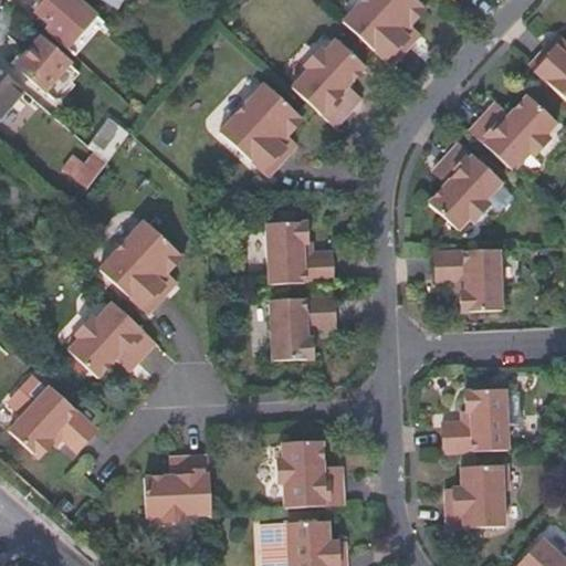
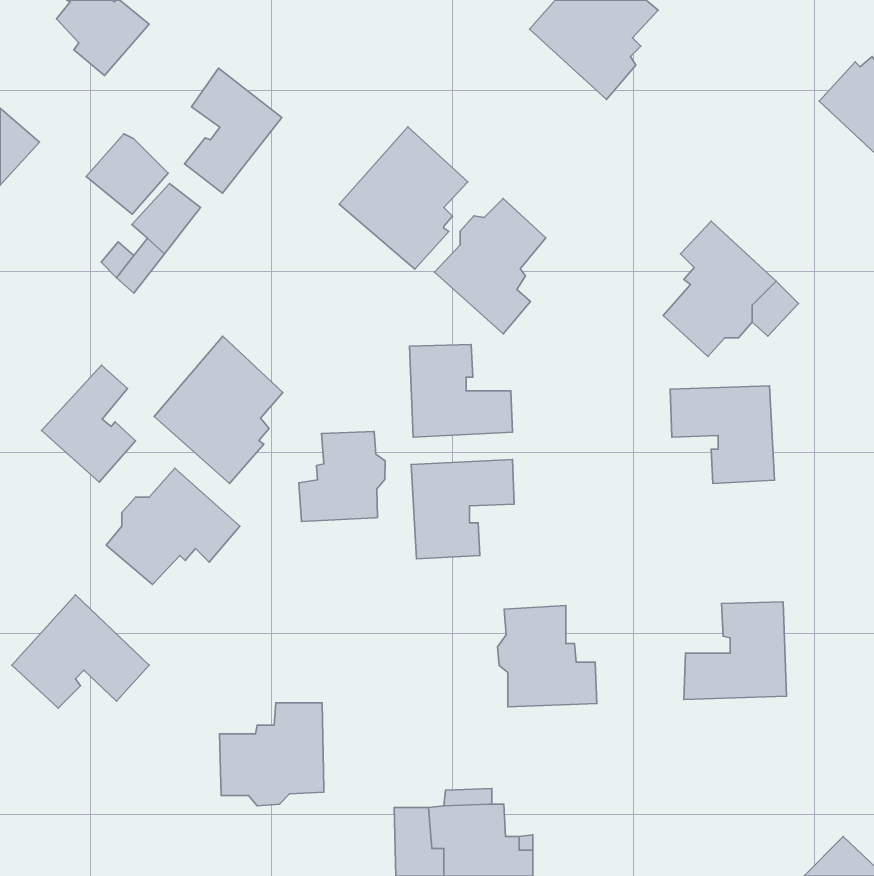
building: [291,38,363,125] -> [435,199,546,334]
building: [17,41,70,93] -> [86,134,168,214]
building: none -> [184,68,282,193]
building: [470,94,555,168] -> none
building: none -> [42,365,135,482]
building: none -> [299,431,385,521]
building: [277,439,342,504] -> [497,606,597,707]
building: [447,464,510,528] -> none

